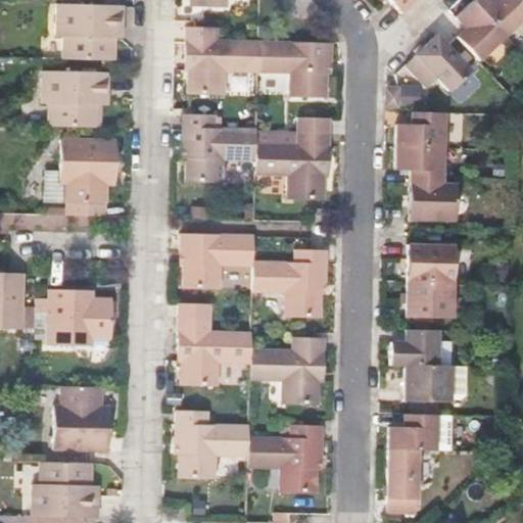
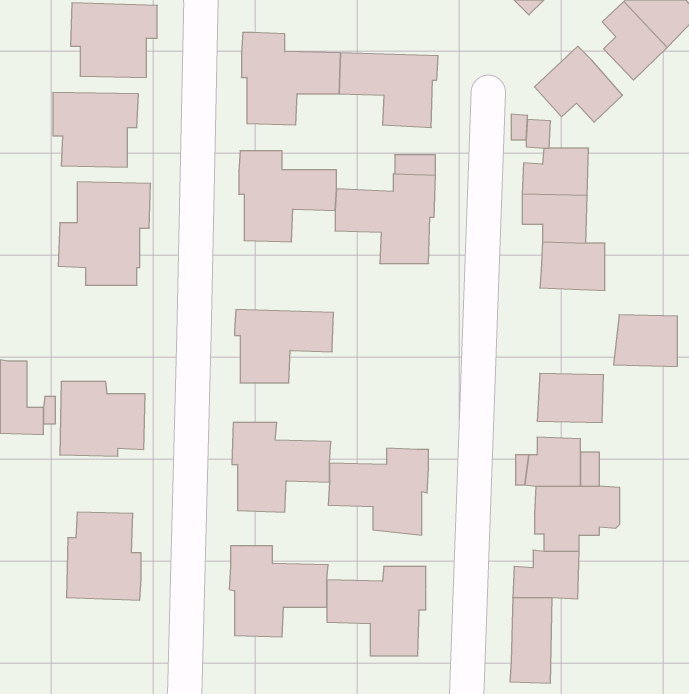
building: [410,243,458,282] -> [614,315,677,366]
building: [253,249,328,318] -> none
building: [33,462,98,518] -> none

